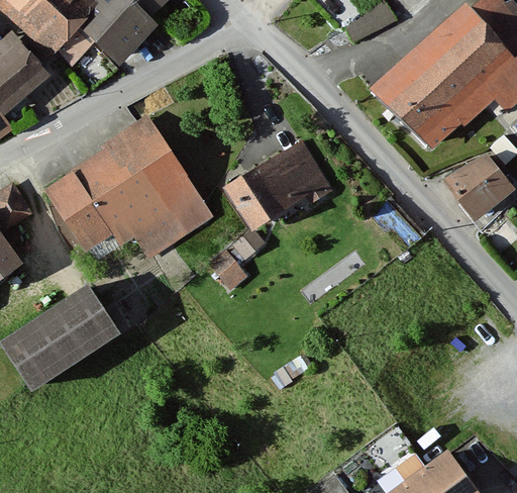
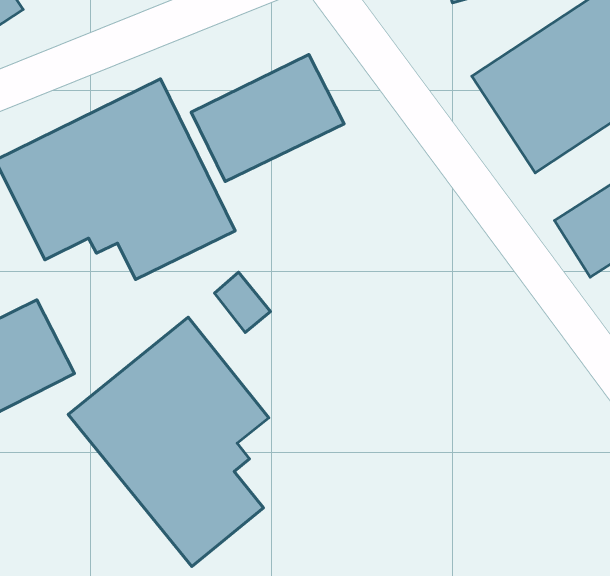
building: [222,135,332,233] -> [191,54,344,181]
building: none -> [68,317,269,566]

